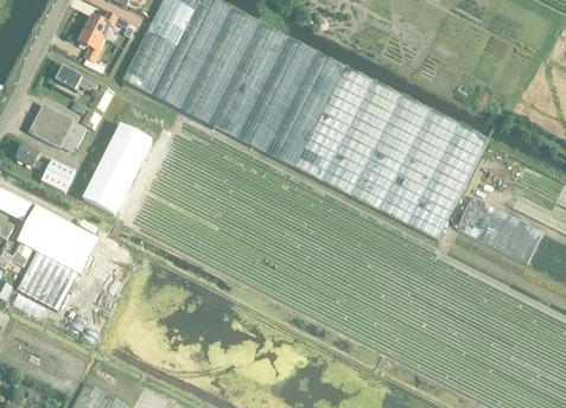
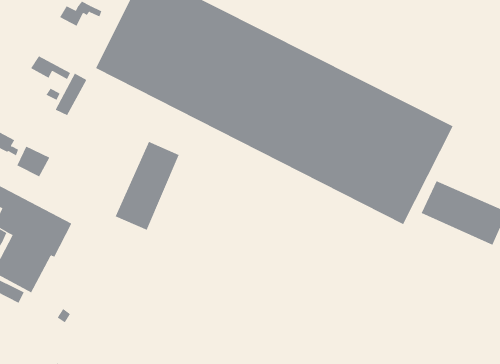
building: [78,27,103,71] -> none
building: [30,104,87,153] -> none
building: [84,122,151,213] -> [115,141,180,230]

